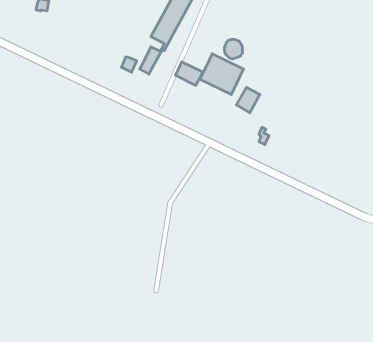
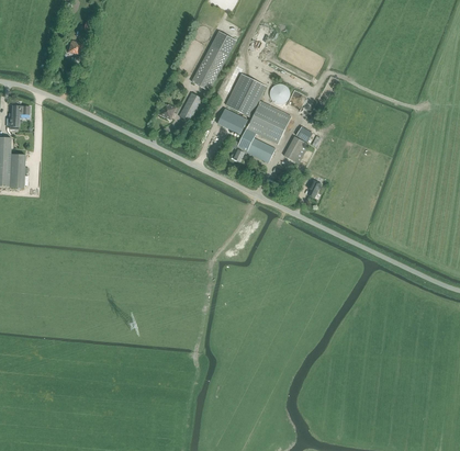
building: none -> [226,74,265,116]
building: none -> [231,128,276,162]

